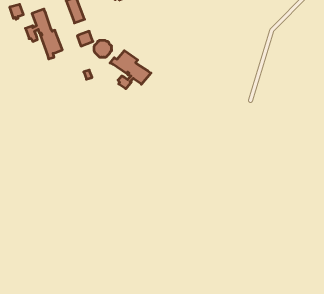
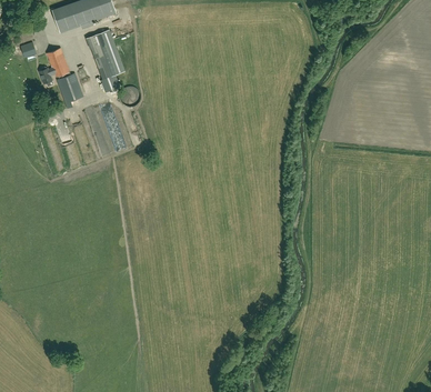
building: [110,51,151,89] -> none

